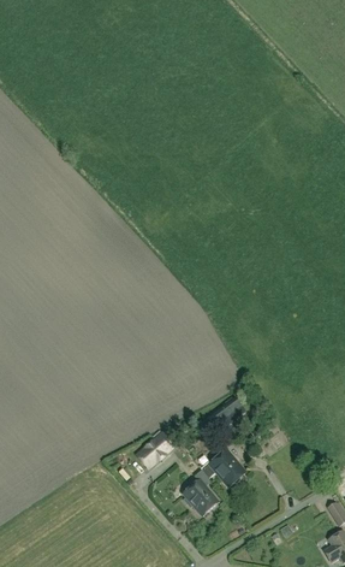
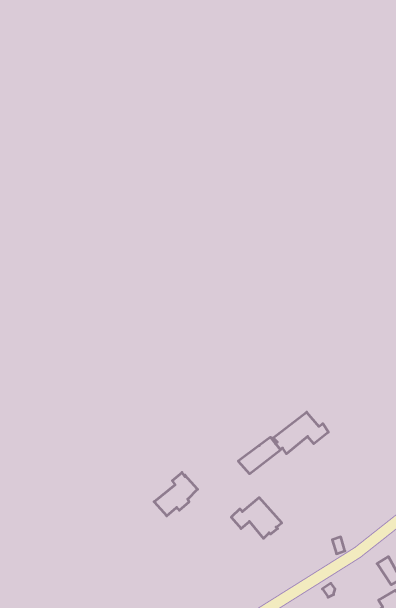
building: none -> [273,412,328,454]
building: [184,467,219,514] -> none

